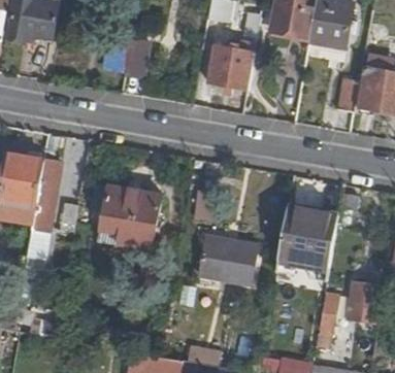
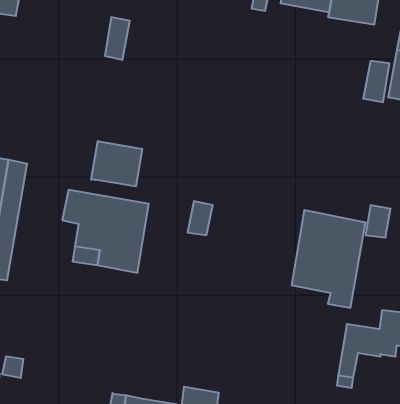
building: [208,44,255,91] -> none
building: none -> [91,141,142,186]
building: [199,239,258,282] -> none

